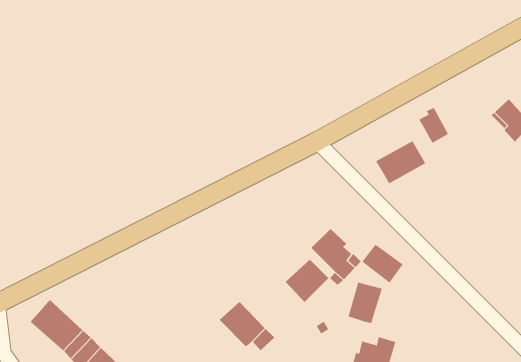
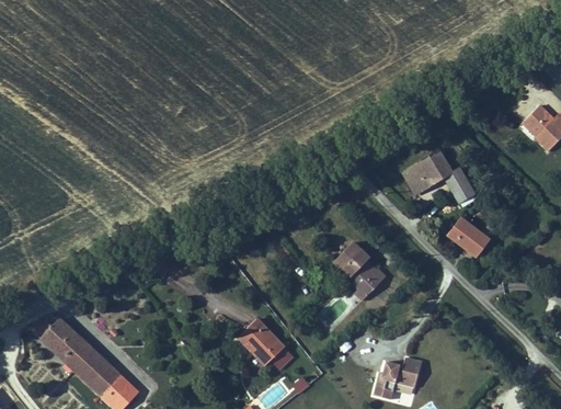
building: [419,107,449,144] -> [444,166,476,204]
building: [362,244,403,283] -> [446,217,490,259]
building: [285,259,329,303] -> none
building: [348,282,383,324] -> none

